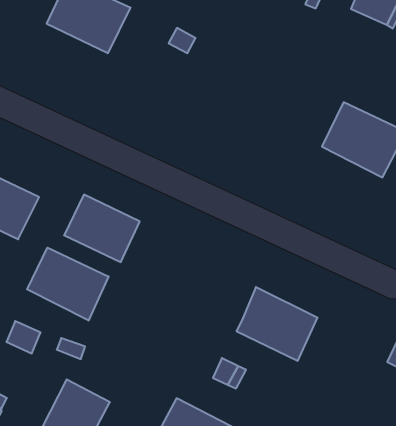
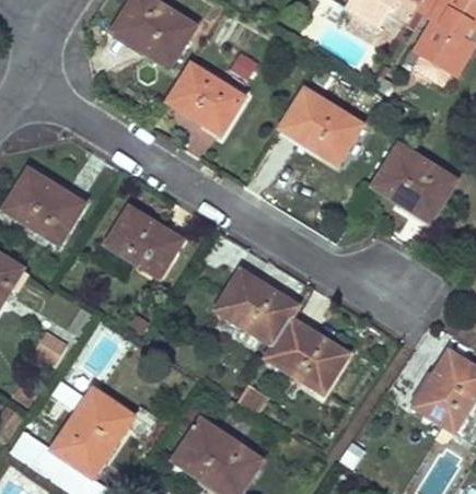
building: none -> [164,63,243,136]
building: none -> [278,87,361,162]
building: none -> [214,271,298,346]
building: [27,248,109,321] -> none

